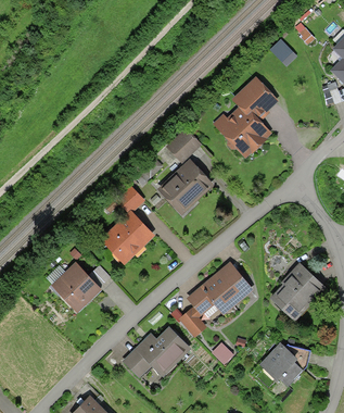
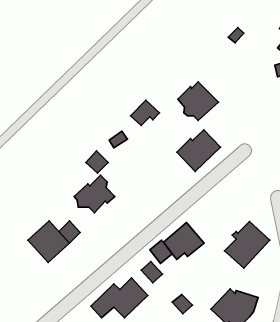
building: [234,78,276,120] -> none
building: [162,164,211,211] -> [177,130,220,172]

